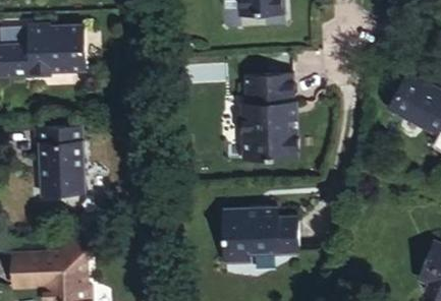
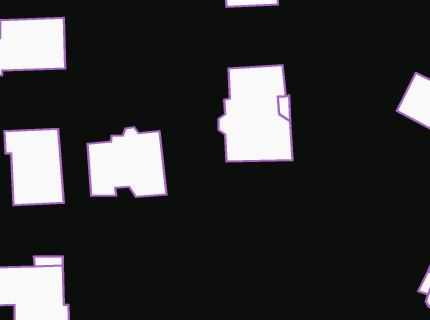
building: none -> [88,127,166,197]
building: [219,202,297,258] -> none

